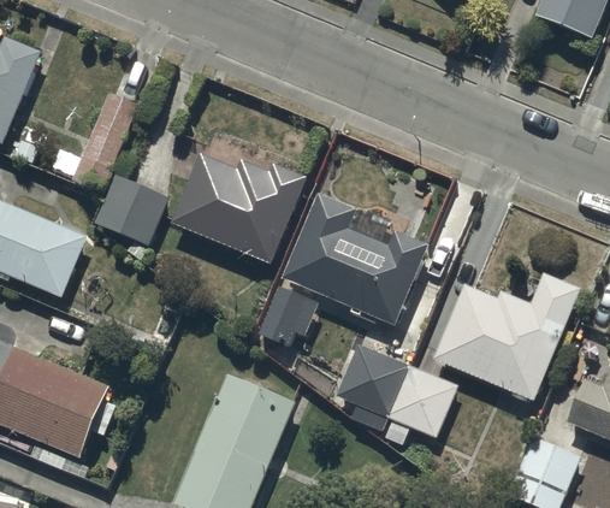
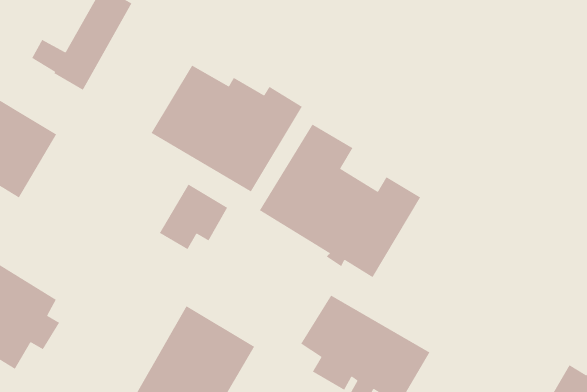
building: [95,175,167,244] -> none
building: [433,272,580,400] -> none
building: [259,284,319,345] -> [159,183,228,250]

